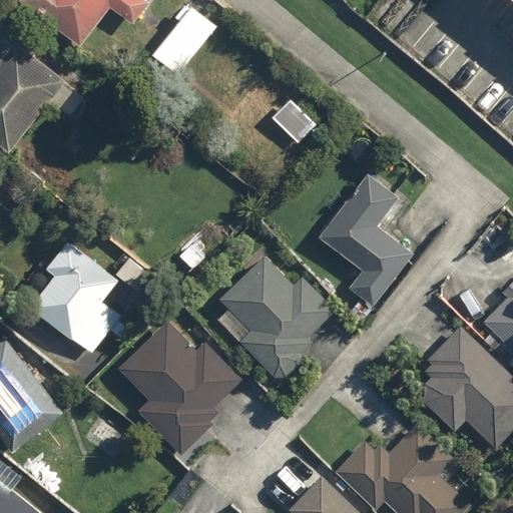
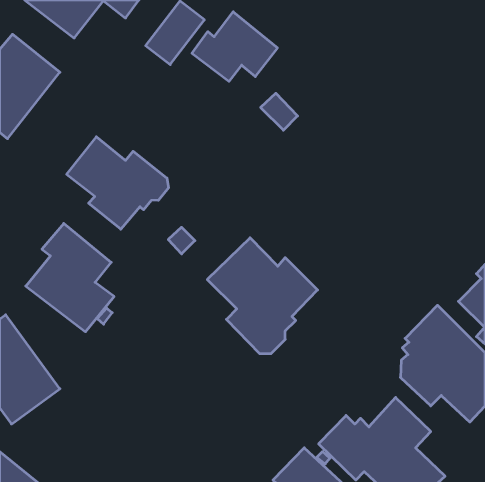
building: none -> [192,12,277,81]
building: none -> [67,137,169,229]
building: [318,172,413,306] -> none
building: [116,320,240,456] -> none

